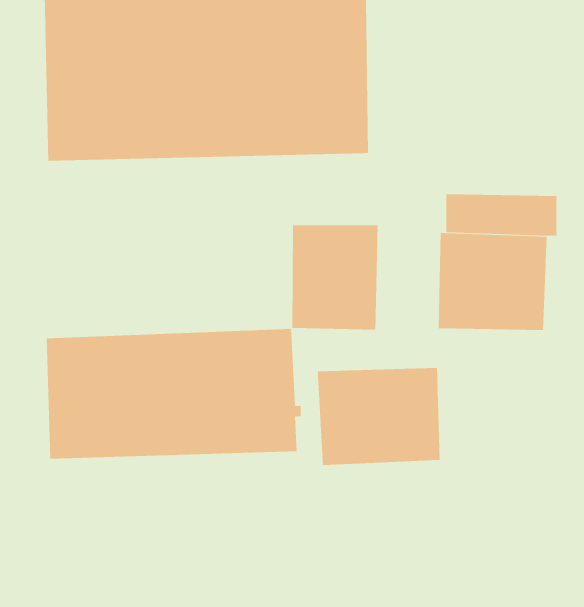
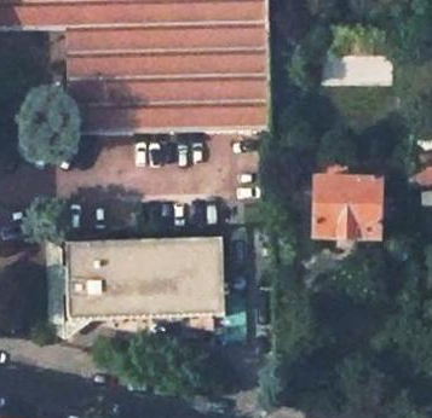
building: [292,225,378,330] -> none
building: [317,367,440,466] -> none

